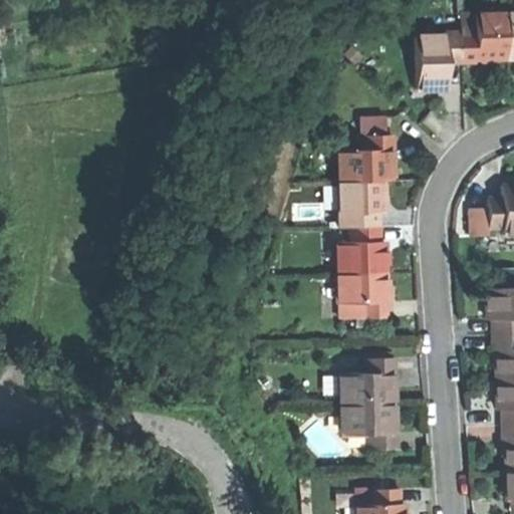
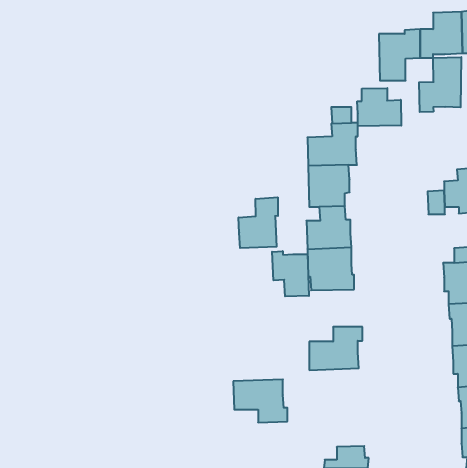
building: none -> [419,57,461,112]
building: none -> [357,88,401,126]
building: none -> [239,197,278,248]
building: none -> [272,251,309,296]
building: [340,404,400,451] -> [233,379,287,422]

